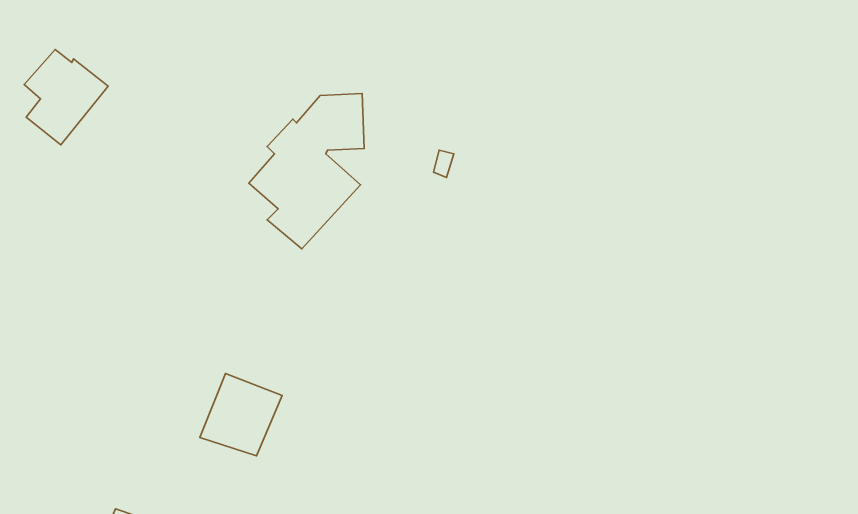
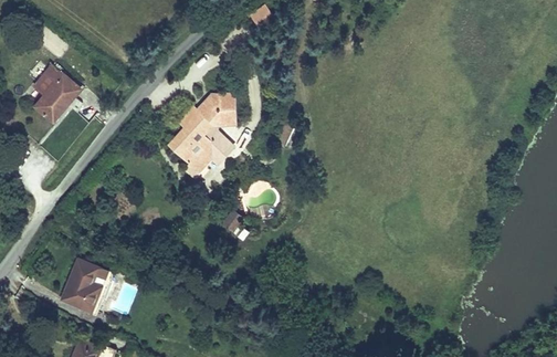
building: [200,374,282,456] -> [69,265,118,315]

